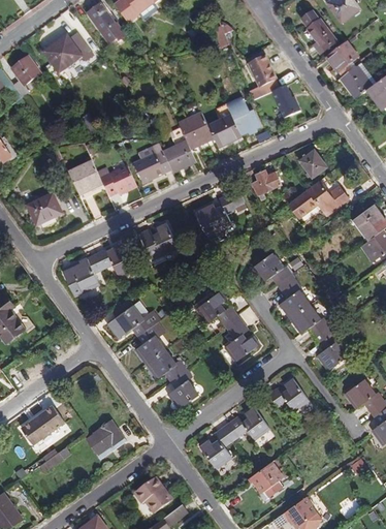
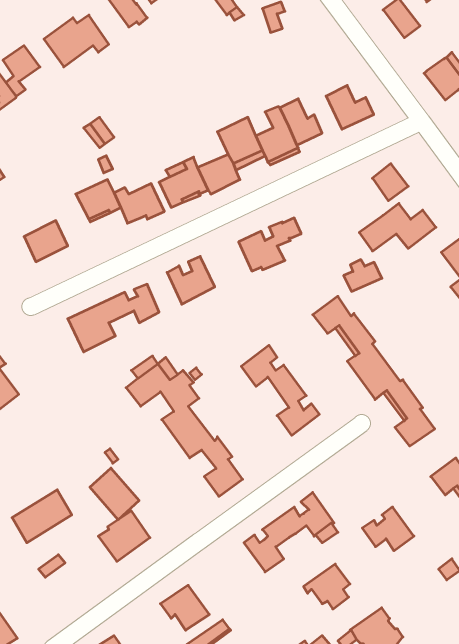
building: [327,41,358,76] -> none
building: [248,55,280,100] -> none
building: [251,169,281,194] -> [344,260,382,291]
building: [268,377,309,411] -> [362,507,414,551]
building: none -> [90,468,139,520]

